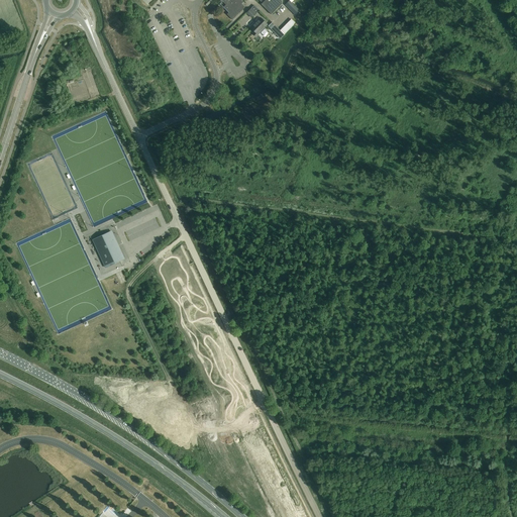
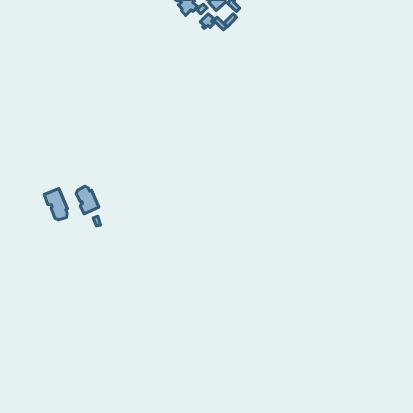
building: none -> [44,188,67,220]

